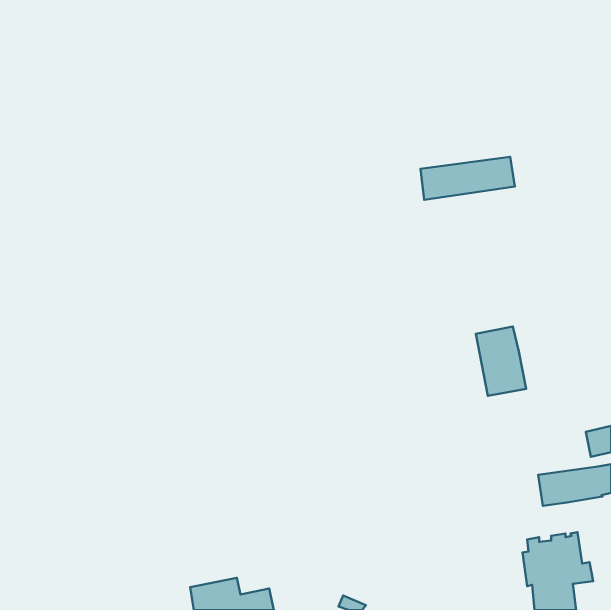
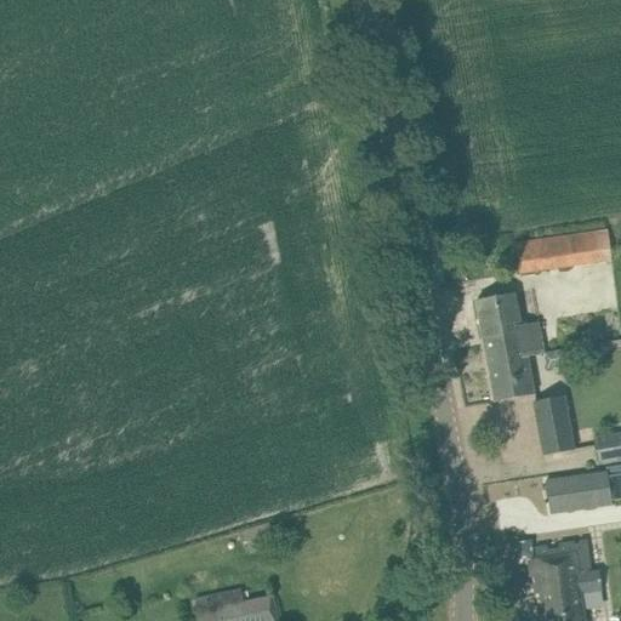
building: [421,157,515,200] -> [515,229,611,273]
building: none -> [475,292,545,357]
building: none -> [534,395,572,455]

